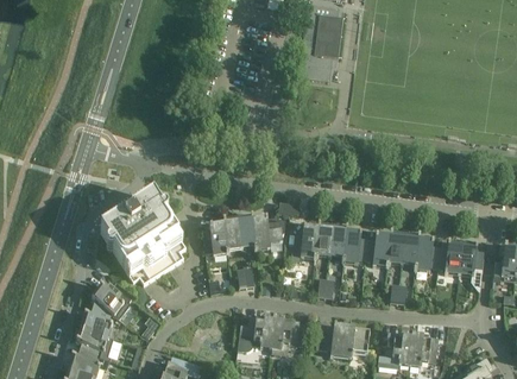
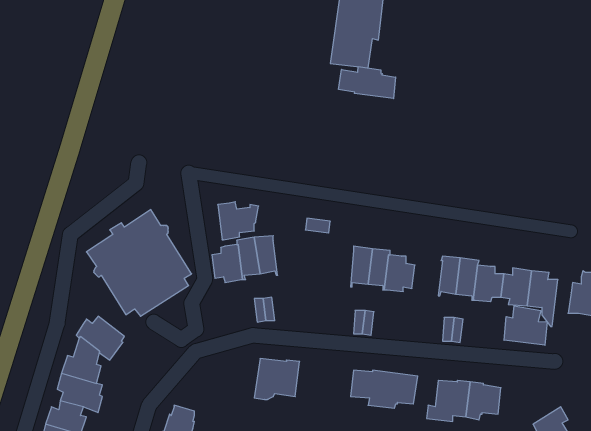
building: none -> [339,67,396,99]
building: [252,216,285,247] -> [218,202,259,240]
building: [290,226,317,259] -> none
building: [365,234,390,264] -> none
building: none -> [504,306,547,345]
building: [270,317,300,353] -> none

